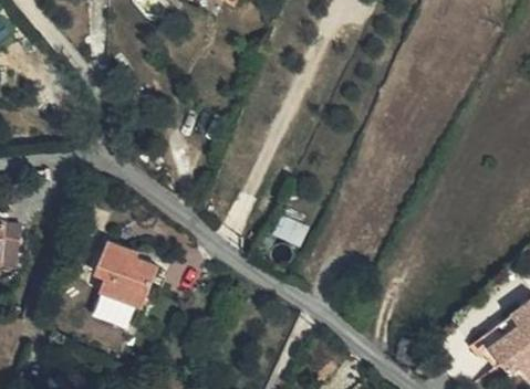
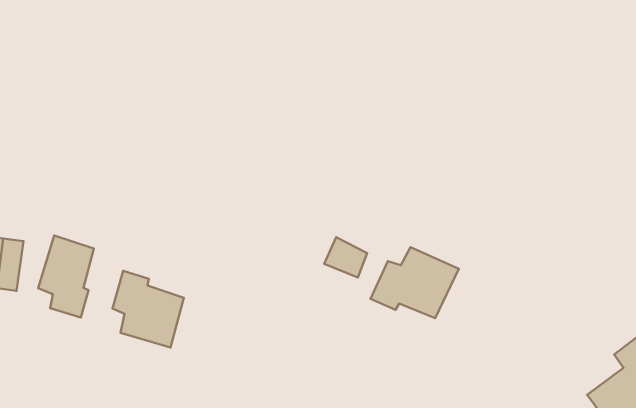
building: none -> [38,235,94,318]
building: none -> [370,247,459,318]

